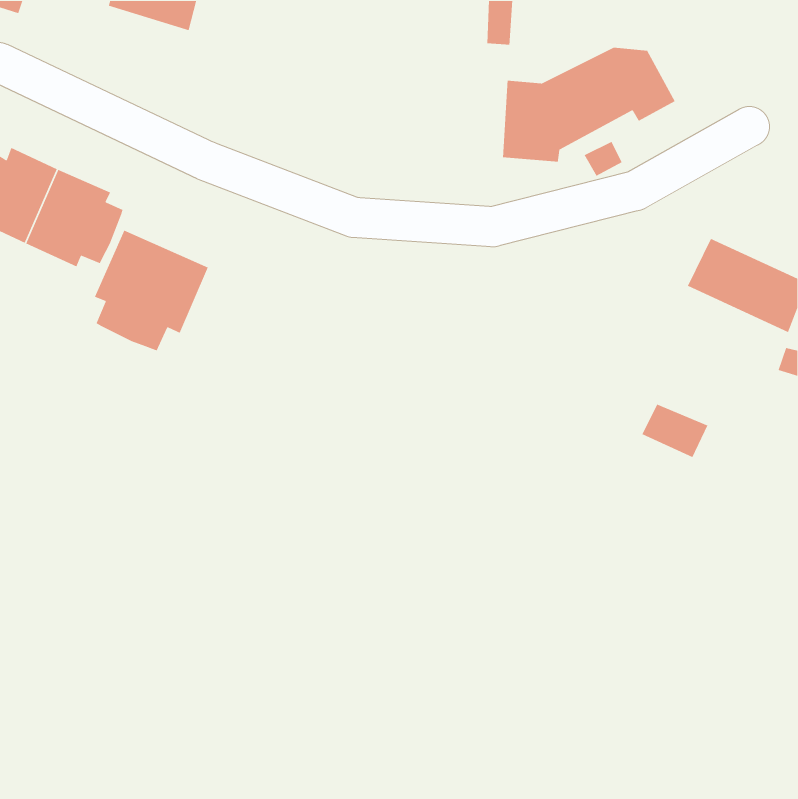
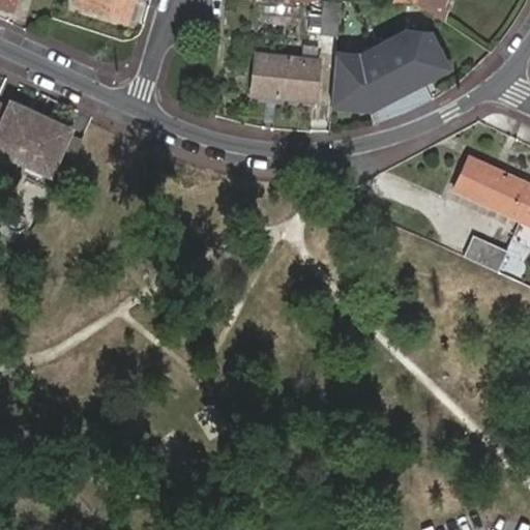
building: none -> [253,54,319,100]
building: [94,230,209,352] -> none
building: [641,403,708,458] -> [464,236,508,272]

